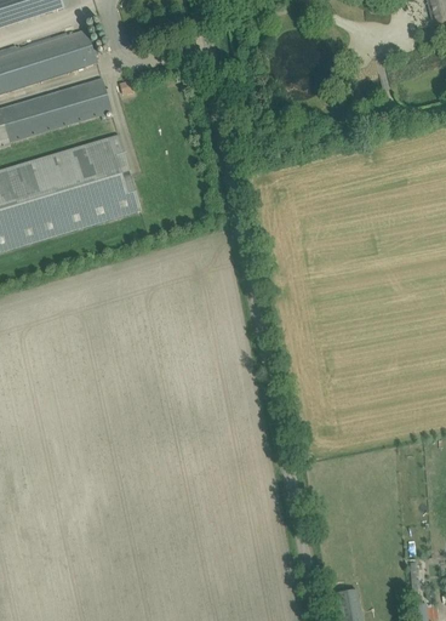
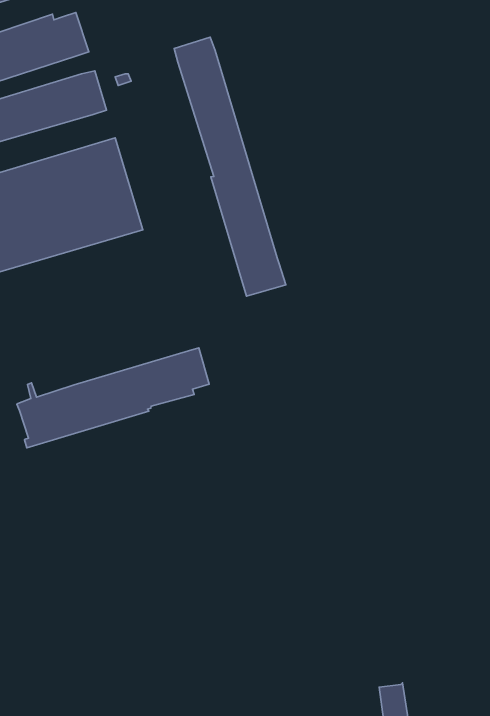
building: none -> [174,37,286,296]
building: none -> [17,348,209,448]

